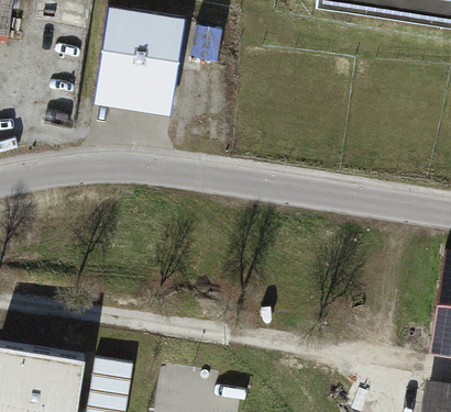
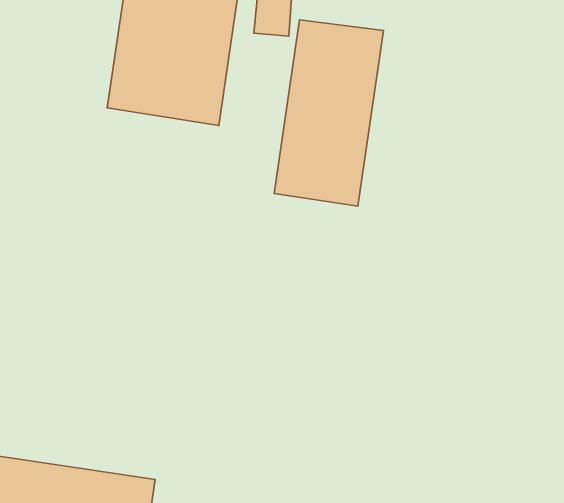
building: none -> [274,20,384,206]

